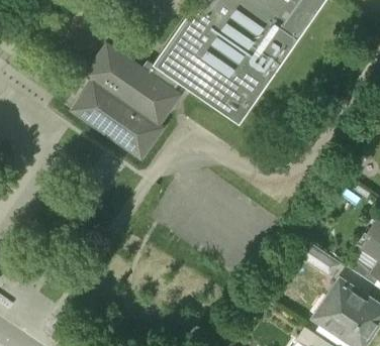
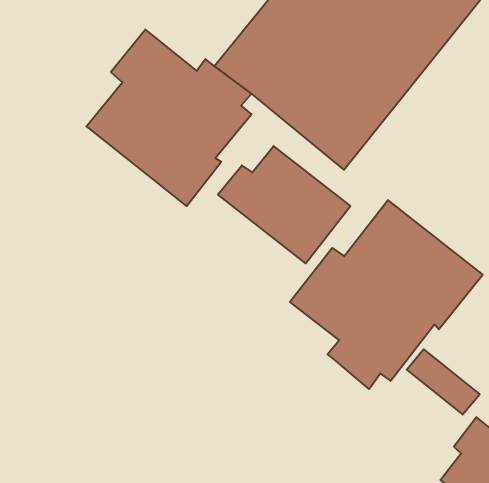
building: none -> [218,146,350,263]
building: none -> [290,200,483,389]

